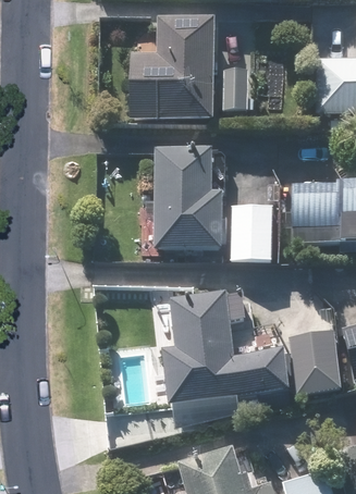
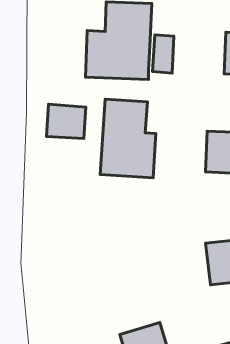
building: none -> [47,104,86,139]
building: [230,207,273,260] -> none
building: [163,292,285,408] -> none

